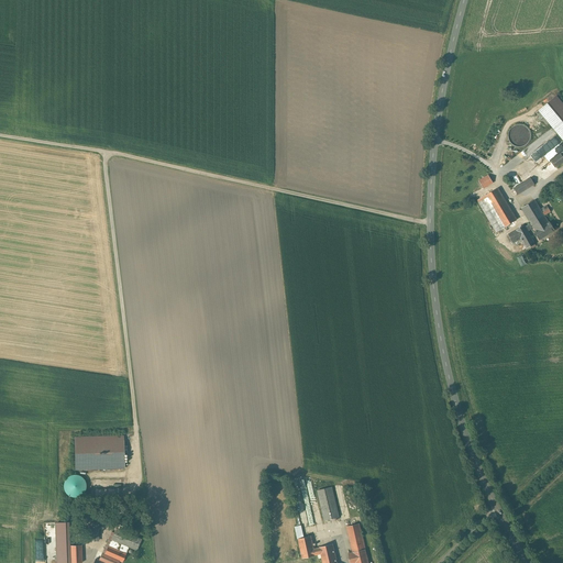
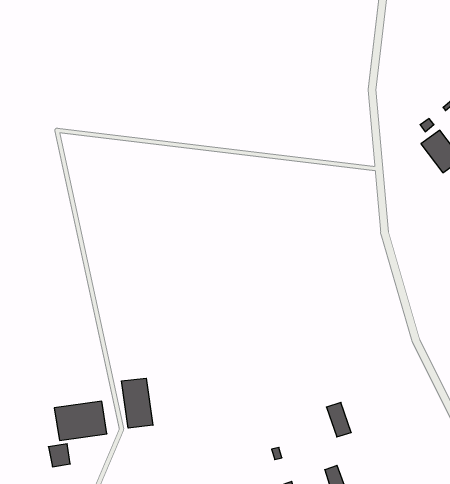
building: none -> [122,378,153,428]
building: [316,485,339,520] -> [326,402,351,437]

